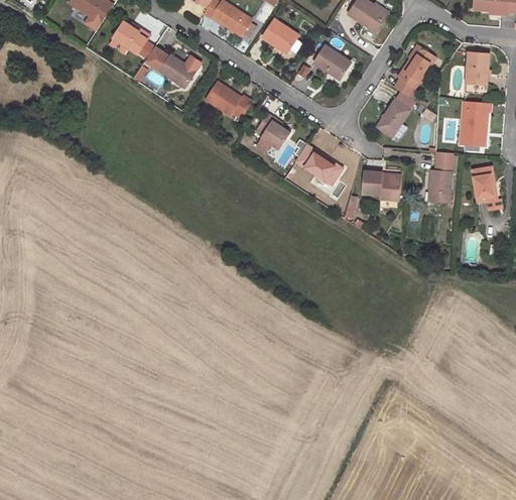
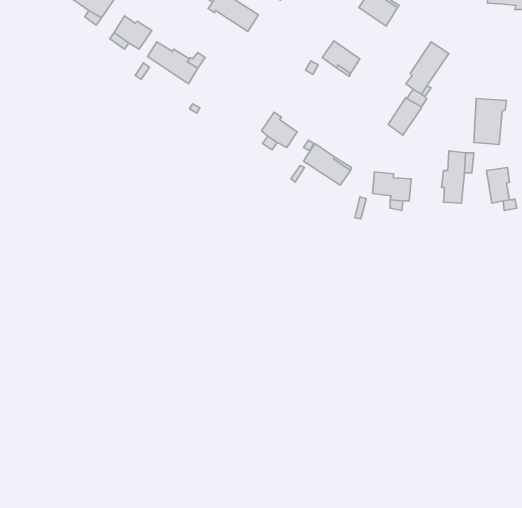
building: [262,19,299,53] -> none
building: [464,52,488,93] -> none
building: [206,83,251,118] -> none

